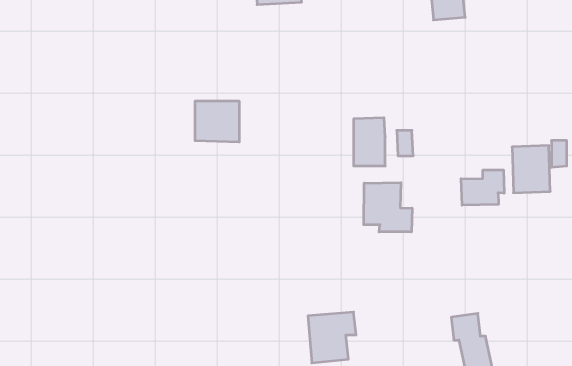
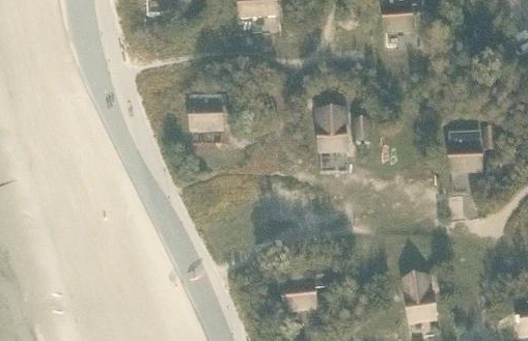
building: [461,170,504,205] -> none
building: [364,183,412,232] -> none

